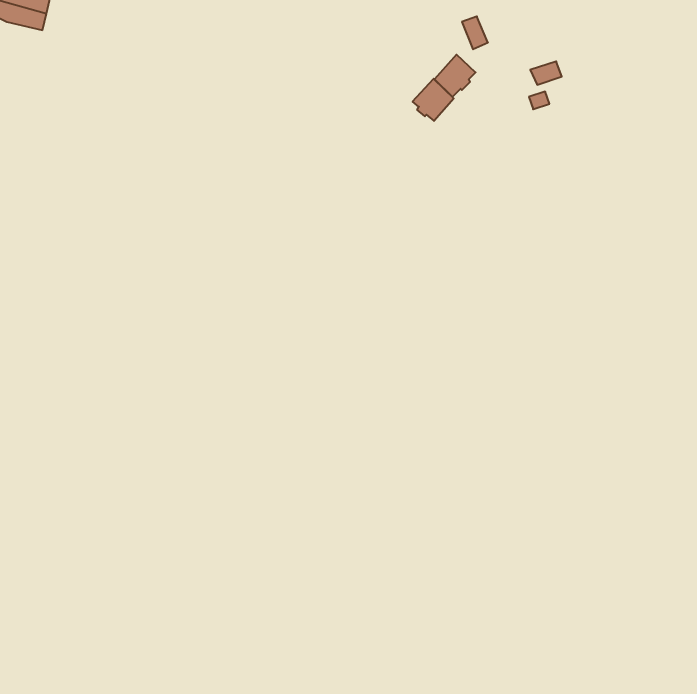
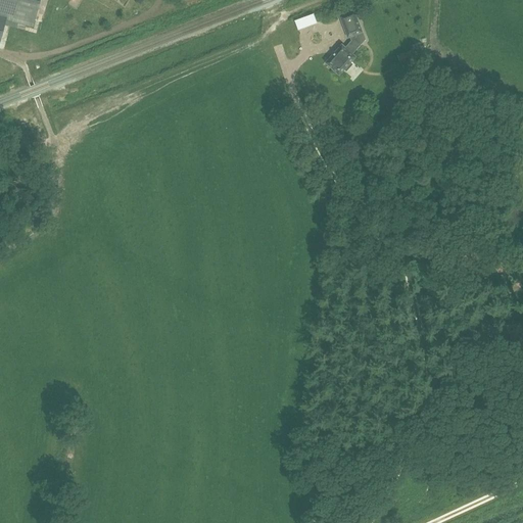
building: [413,79,454,121] -> none

